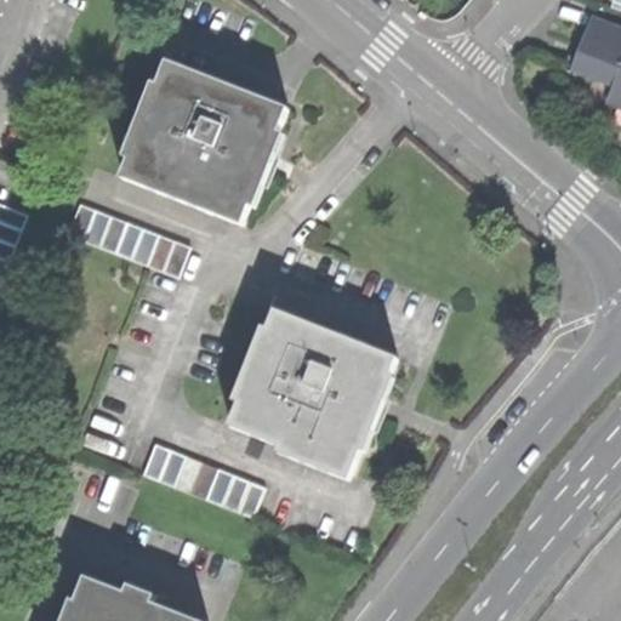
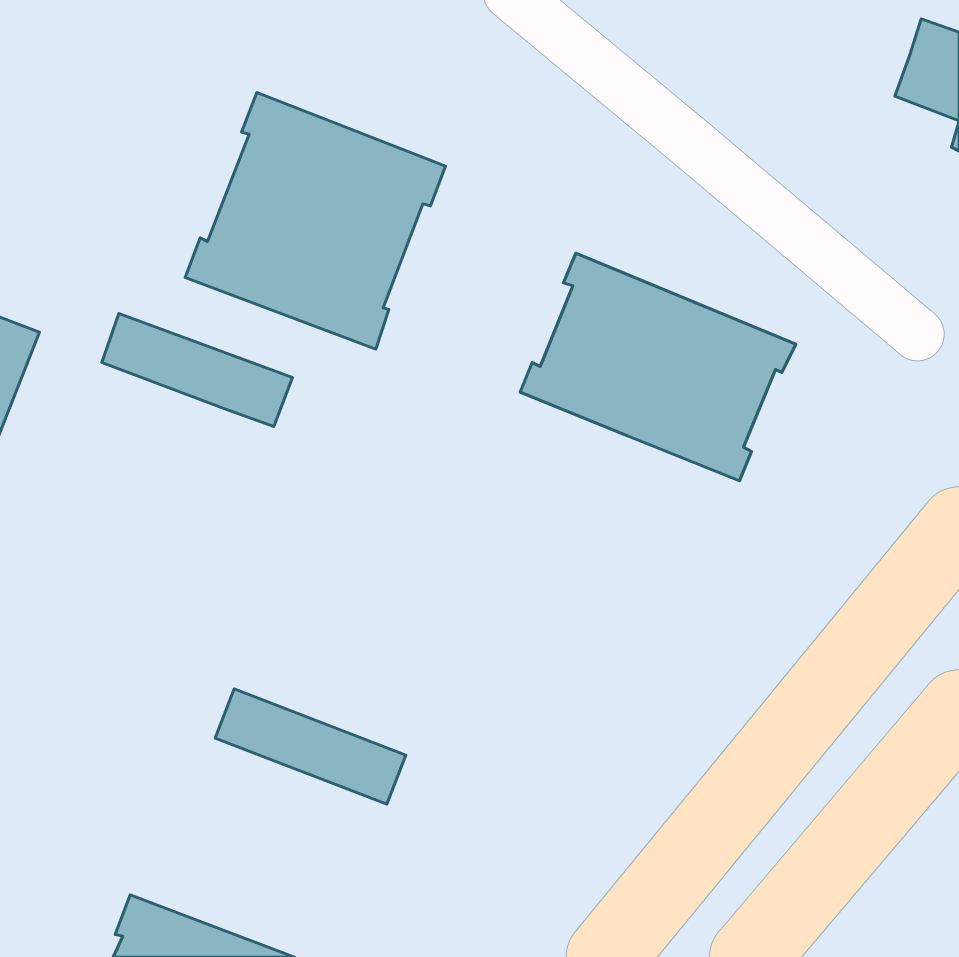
building: none -> [520,253,796,481]
building: [226,307,397,471] -> none

